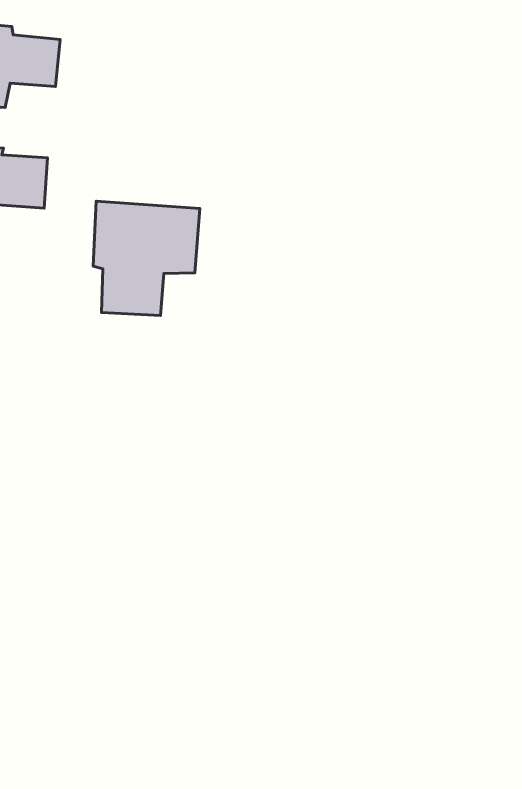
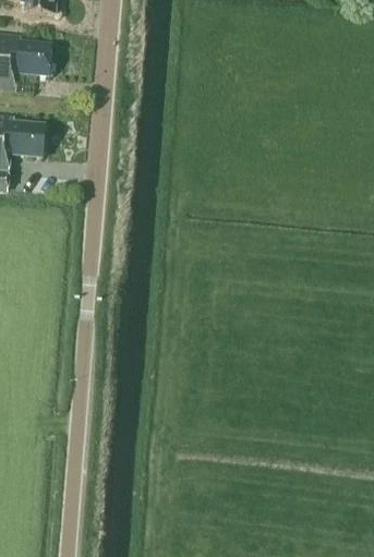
building: [93,201,200,315] -> none

